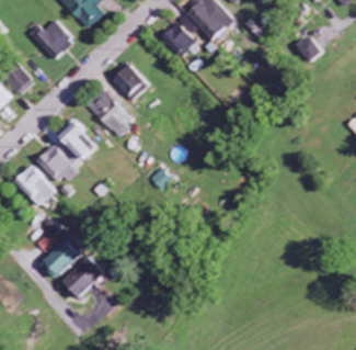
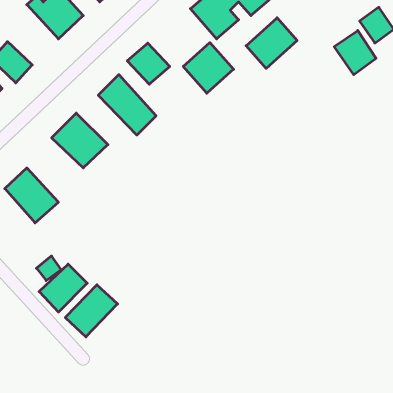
building: none -> [246,18,297,68]
building: none -> [334,30,376,75]
building: none -> [183,43,234,93]
building: [34,143,78,182] -> none

